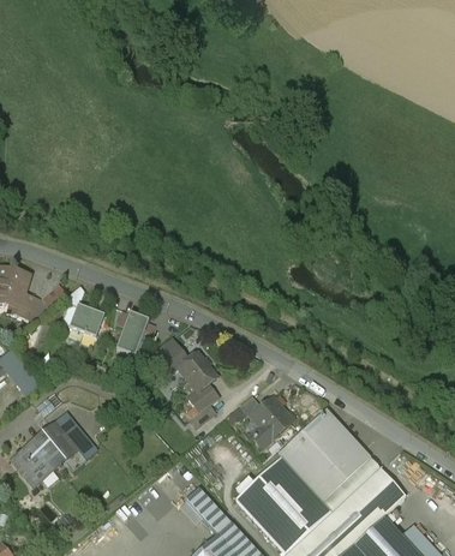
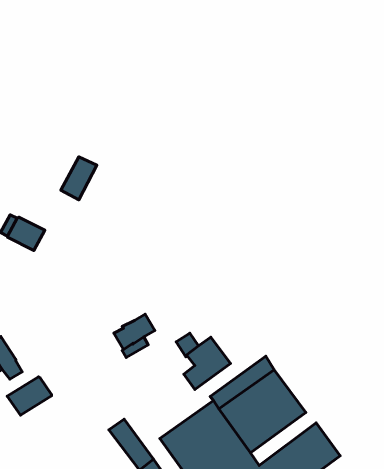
building: [115,313,146,354] -> [61,157,97,200]
building: [161,345,216,390] -> none
building: none -> [7,377,52,415]

